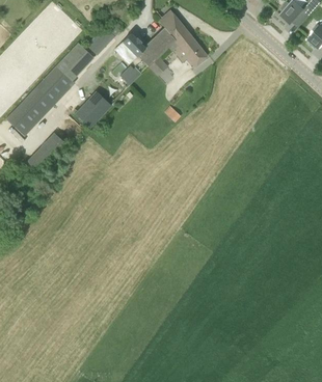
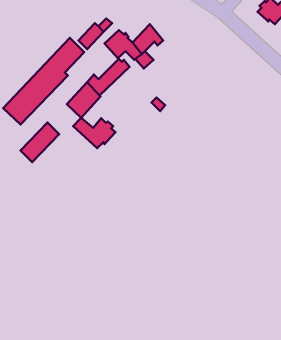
building: [157,9,207,65] -> none
building: none -> [73,118,116,148]

